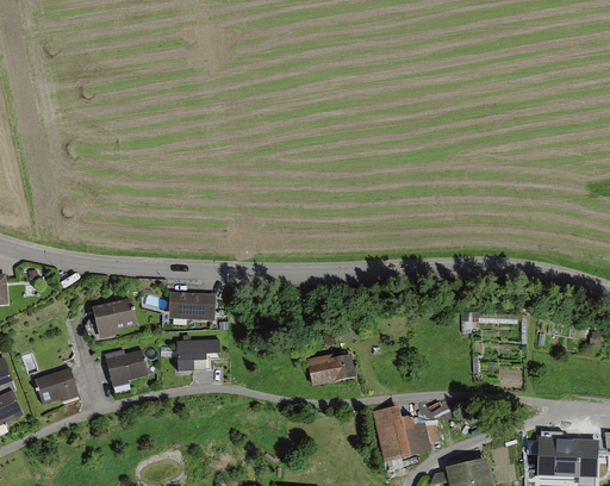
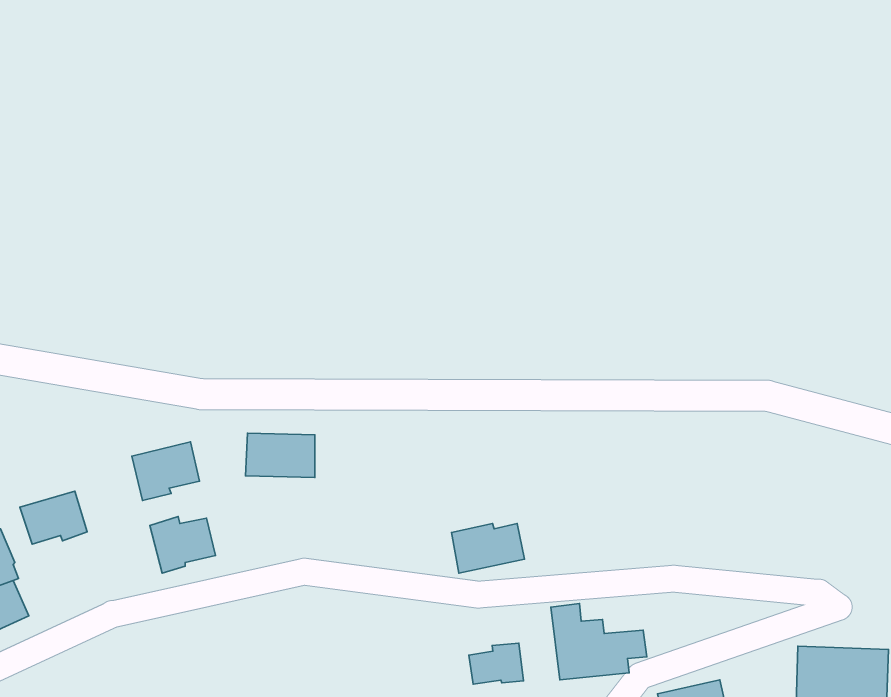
building: [176,338,220,370] -> none
building: [33,367,79,403] -> [20,491,87,544]
building: none -> [469,643,523,684]

